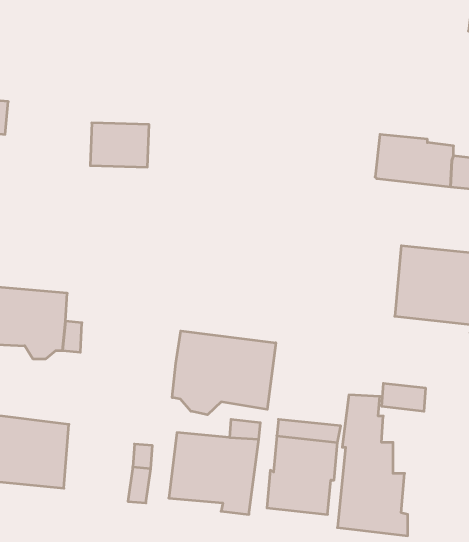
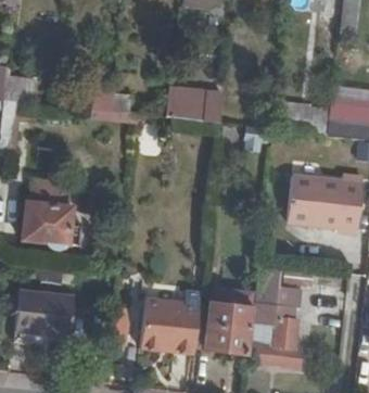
building: none -> [168,88,224,124]
building: [172,331,276,415] -> none

